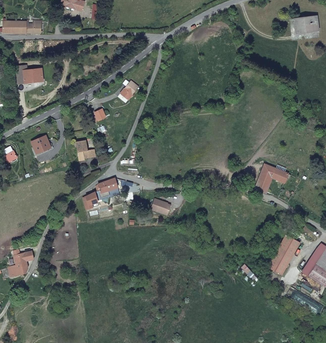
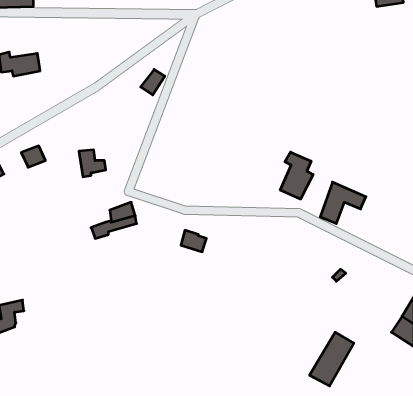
building: none -> [280,152,313,199]
building: [267,233,300,273] -> [310,332,354,386]

